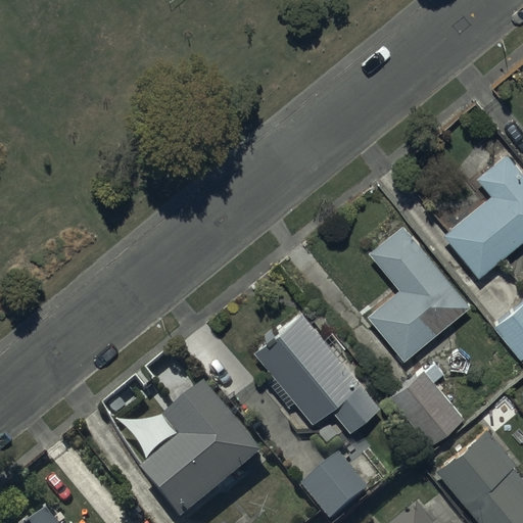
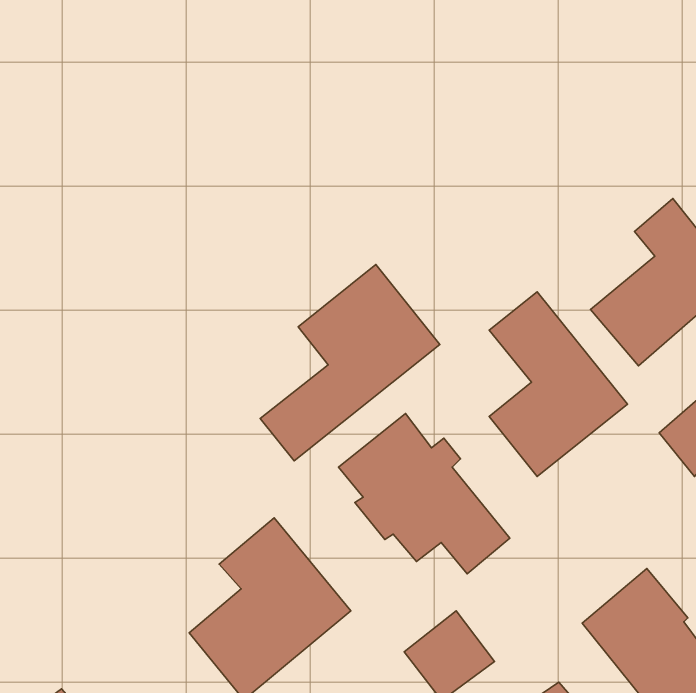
building: none -> [260,265,440,461]
building: [390,364,463,447] -> none

